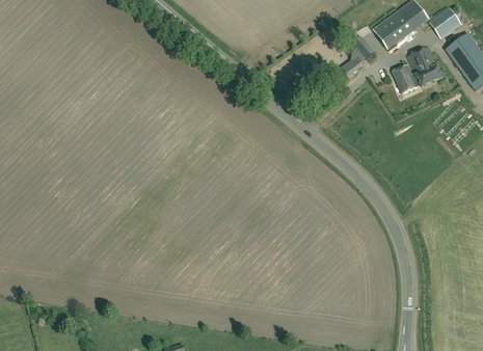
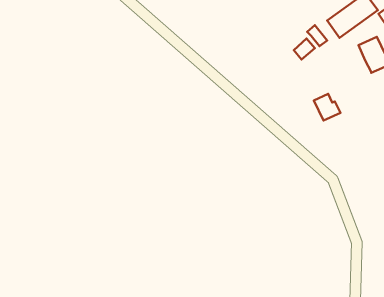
building: [392,64,421,93] -> [314,94,341,121]

